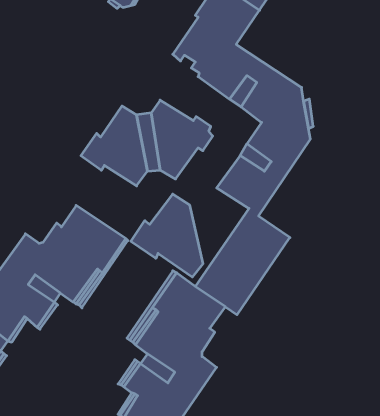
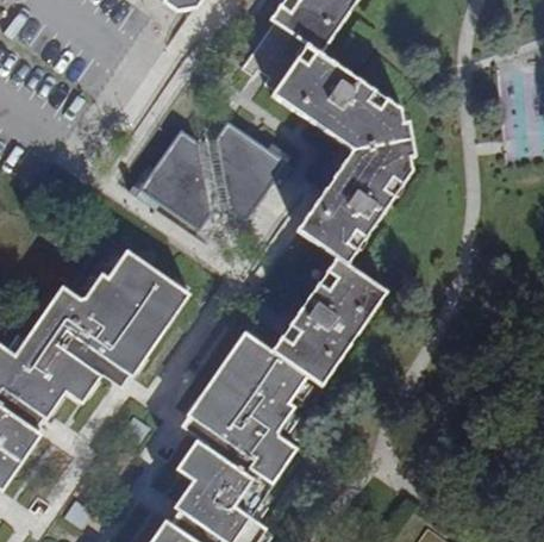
building: [131,194,203,277] -> none

